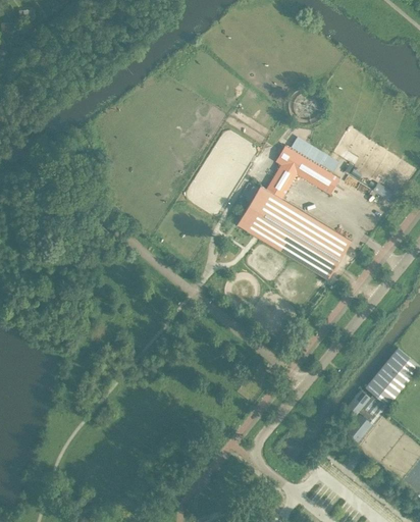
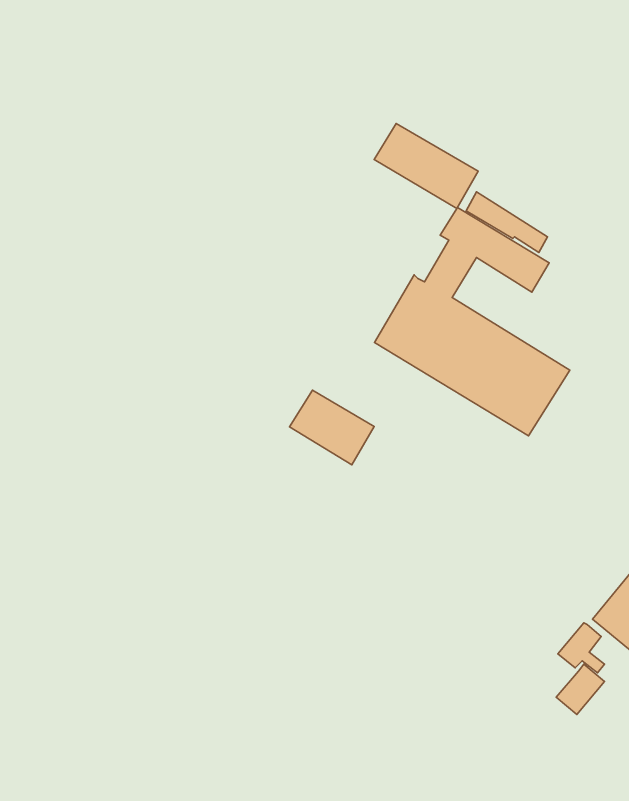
building: none -> [374,124,478,209]
building: none -> [290,390,374,465]

